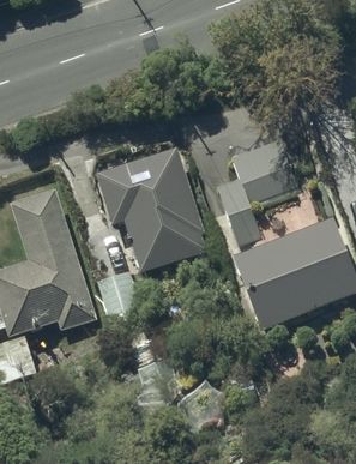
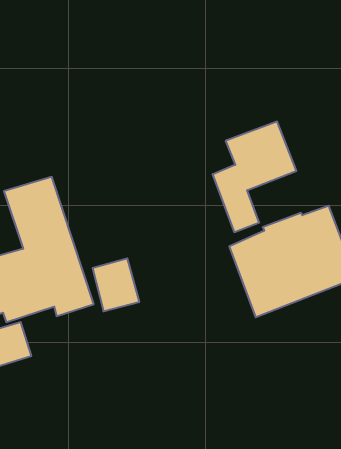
building: [95,147,210,271] -> none

